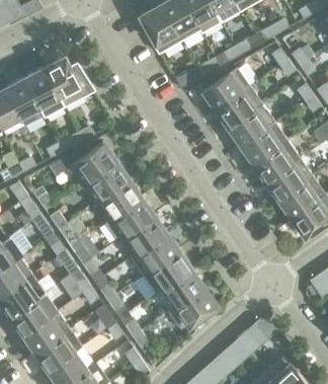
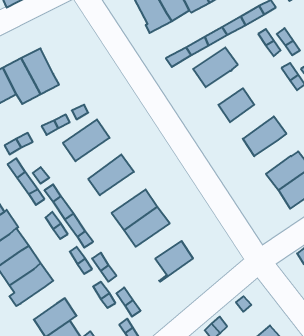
building: [45,58,93,106] -> none
building: [217,86,263,128] -> none
building: [242,123,288,163] -> none
building: [267,158,313,200] -> none
building: [81,162,129,205] -> none
building: [106,198,154,240] -> none
building: [144,251,191,294] -> none
building: [169,288,217,330] -> none
building: [24,311,70,352] -> none

